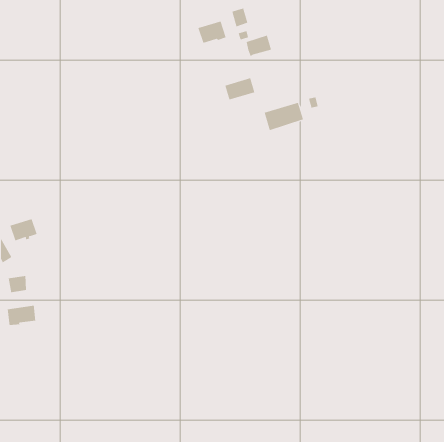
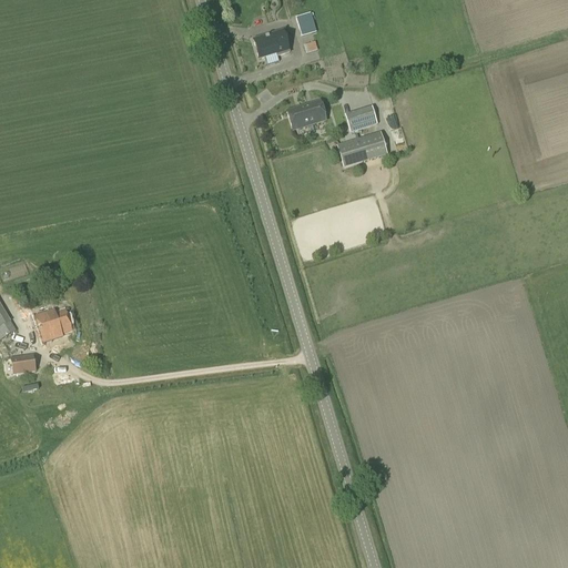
building: [246,35,272,57] -> [345,103,378,131]
building: [10,218,37,241] -> [37,307,72,336]
building: [7,305,36,326] -> none

